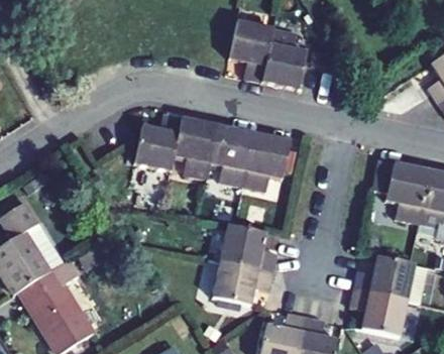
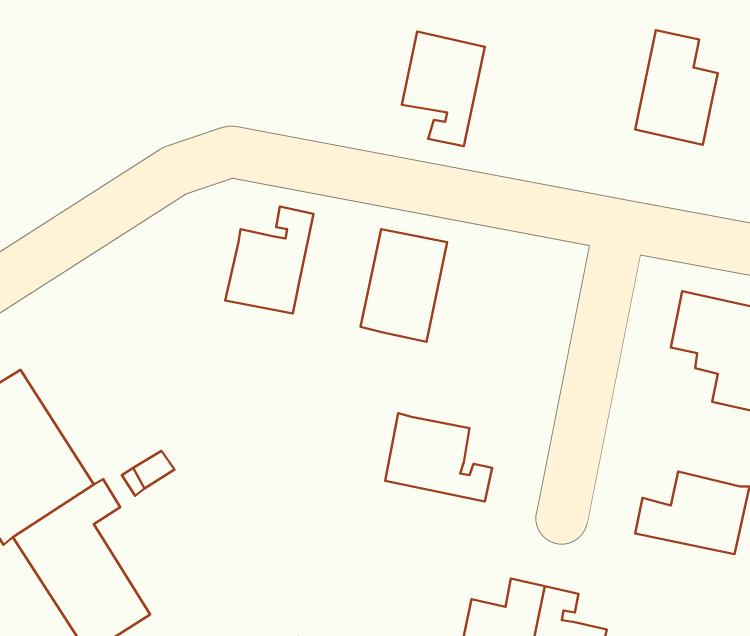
building: [262,27,307,89] -> [635,30,718,145]
building: [174,117,218,179] -> none
building: [242,132,291,191] -> none
building: [212,260,273,305] -> none
building: [350,288,408,336] -> none

